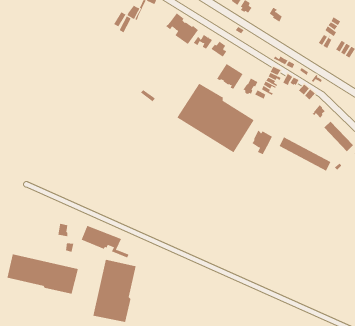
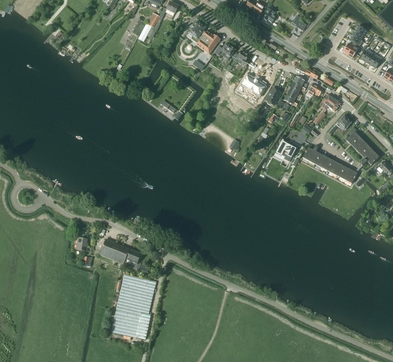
building: [177,83,254,153] -> none
building: [7,254,78,294] -> none

